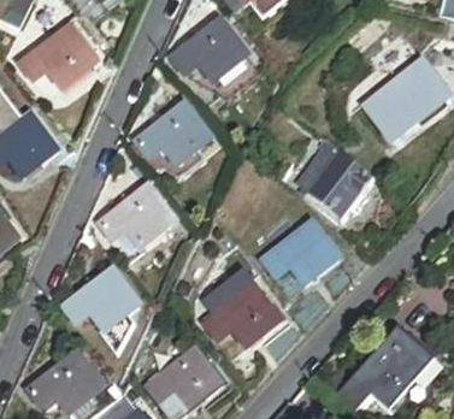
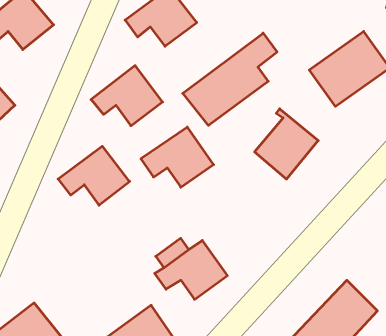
building: none -> [183,33,277,125]
building: [260,222,337,285] -> [141,127,214,187]
building: [61,268,137,331] -> none

